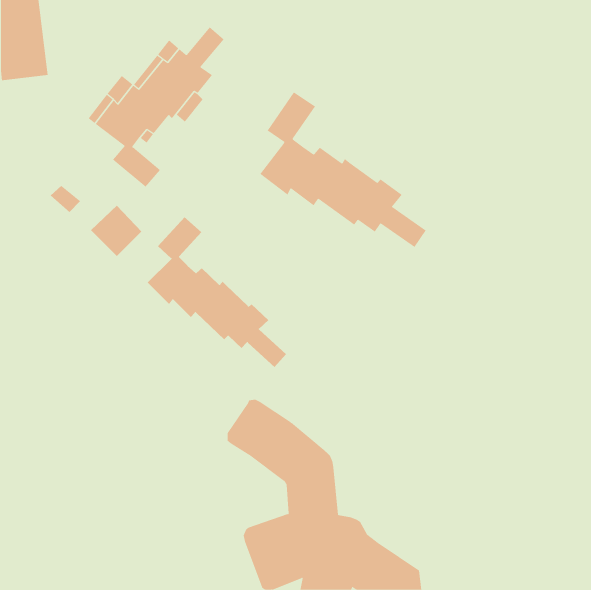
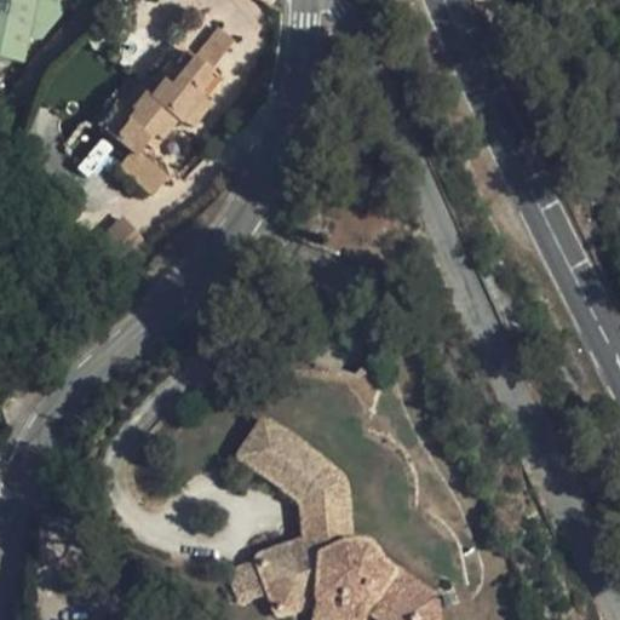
building: [260,92,427,248] -> none
building: [147,216,287,368] -> none

